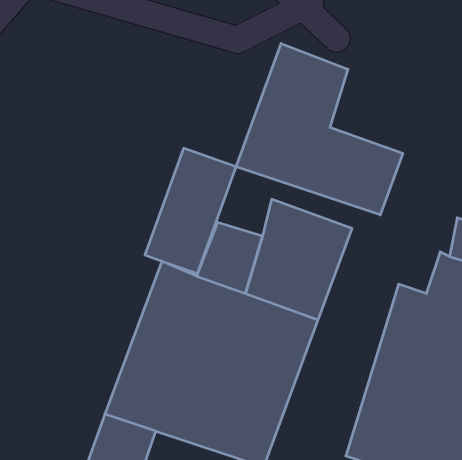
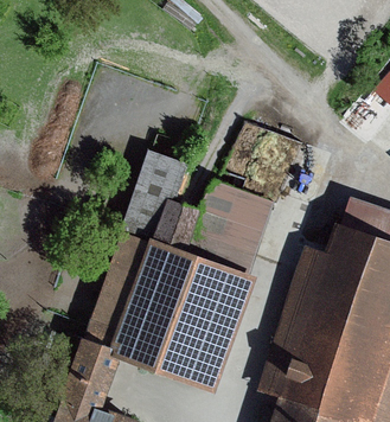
building: [236,43,403,215] -> none

